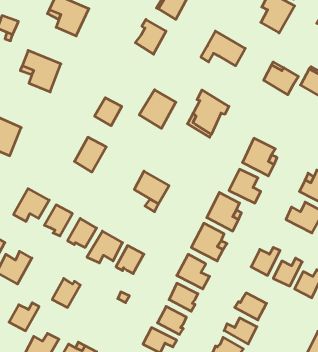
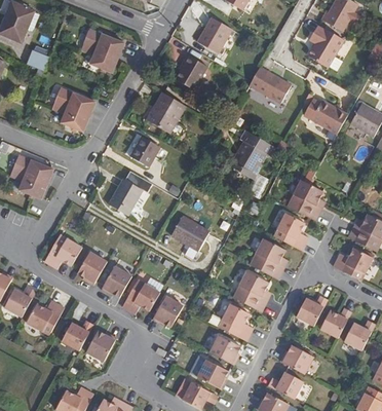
building: [139,90,176,128] -> [145,90,184,132]
building: [9,303,39,331] -> [61,321,92,350]

